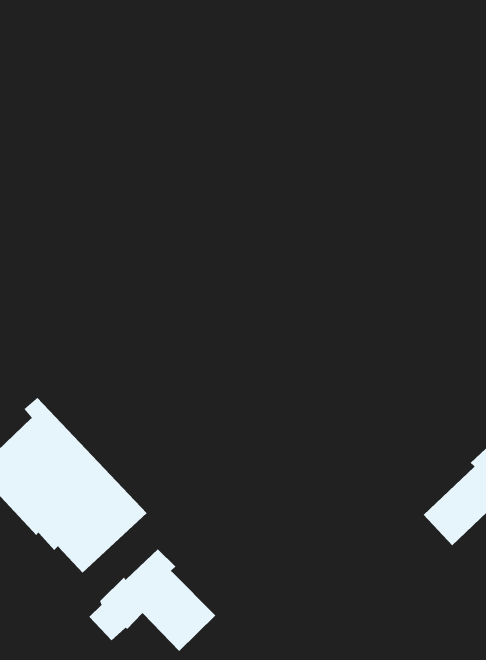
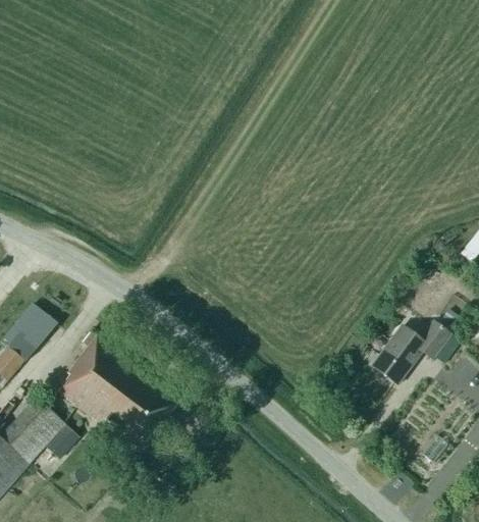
building: [89,549,216,652] -> none

